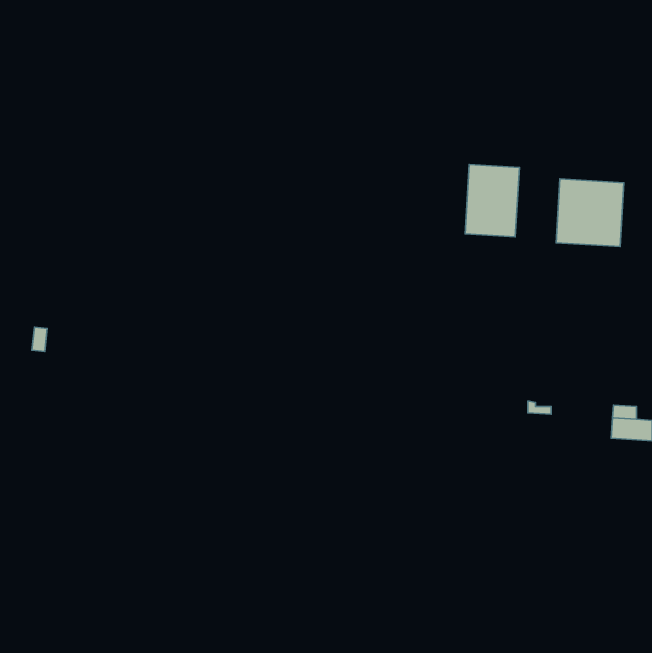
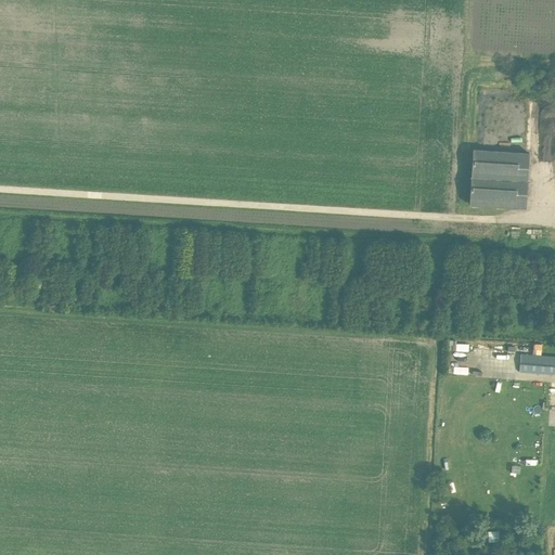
building: [465,164,519,237] -> none

